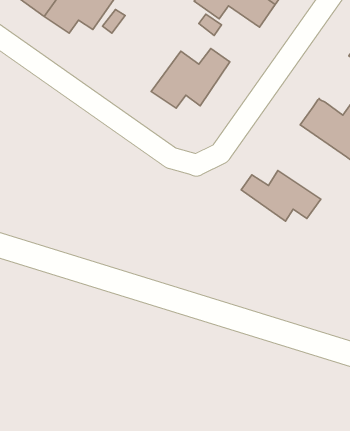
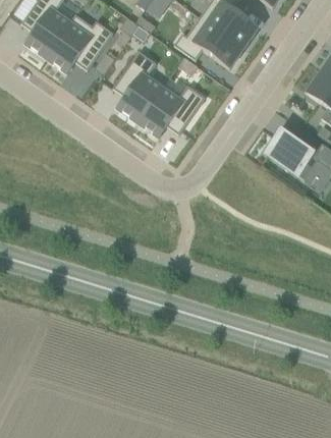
building: none -> [113,51,163,122]
building: [241,171,321,221] -> none

